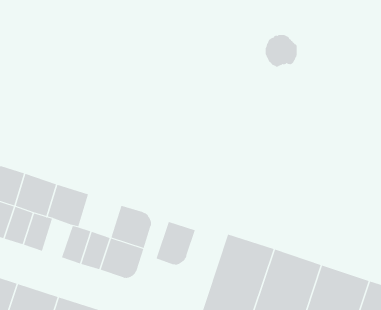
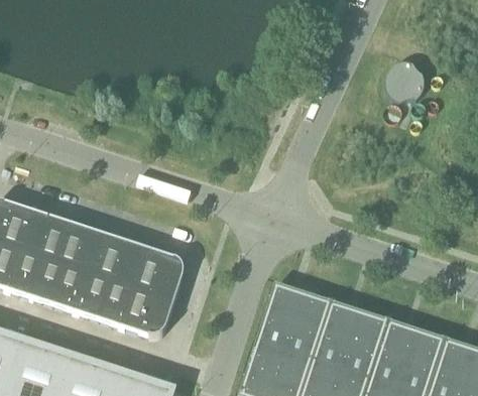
building: [265,34,298,67] -> [385,60,425,100]
building: none -> [97,234,147,286]
building: none -> [53,263,89,309]
building: [156,221,195,265] -> none

